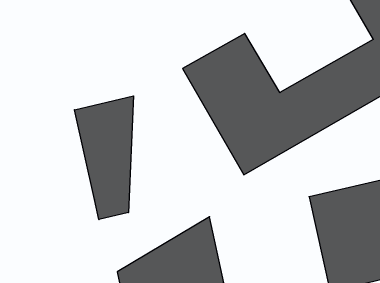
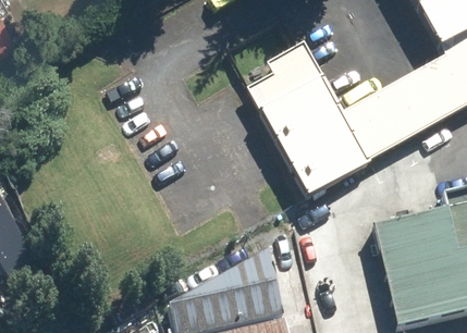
building: [74,96,133,220] -> none

